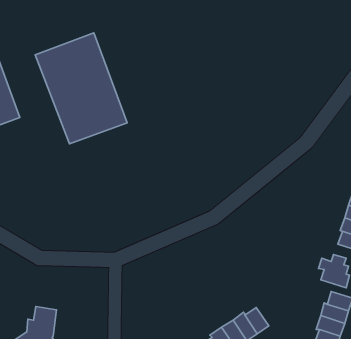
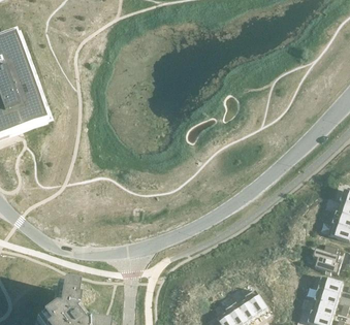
building: [35,33,127,144] -> none

